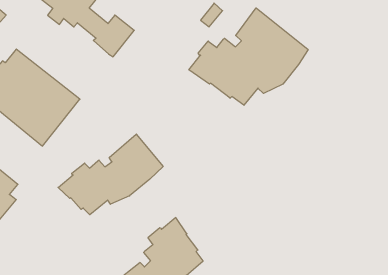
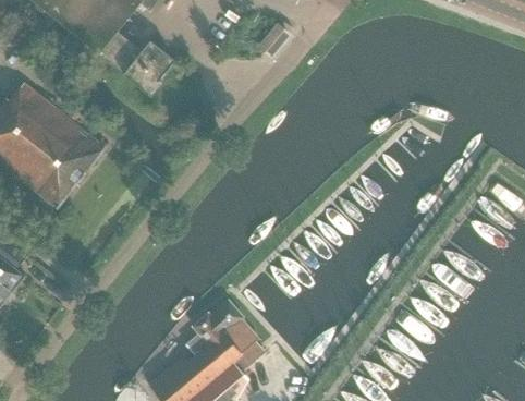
building: [189,8,308,105] -> none
building: [58,134,163,215] -> none

